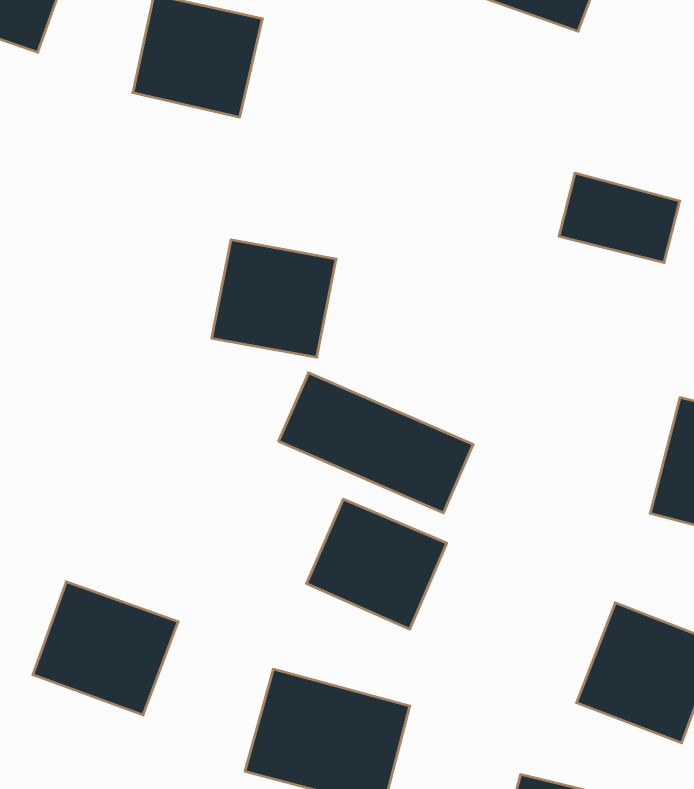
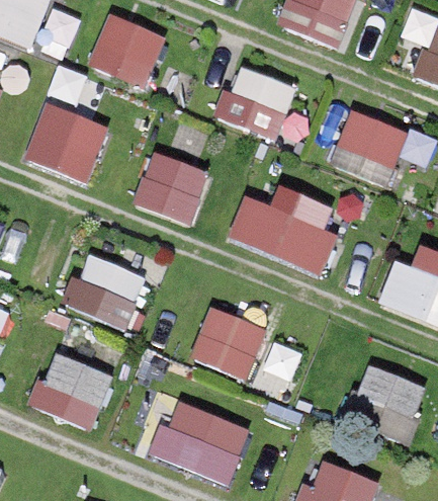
building: none -> [215,66,297,142]
building: none -> [22,99,109,180]
building: [279,373,473,513] -> [226,198,338,279]
building: none -> [60,250,150,334]

